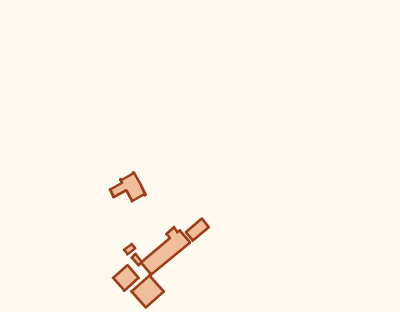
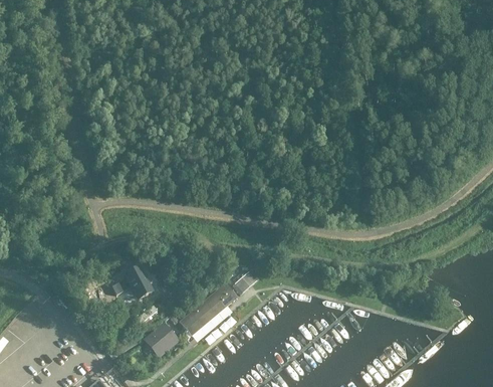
building: [110,173,146,201] -> [111,265,154,300]
building: [131,275,164,307] -> none

